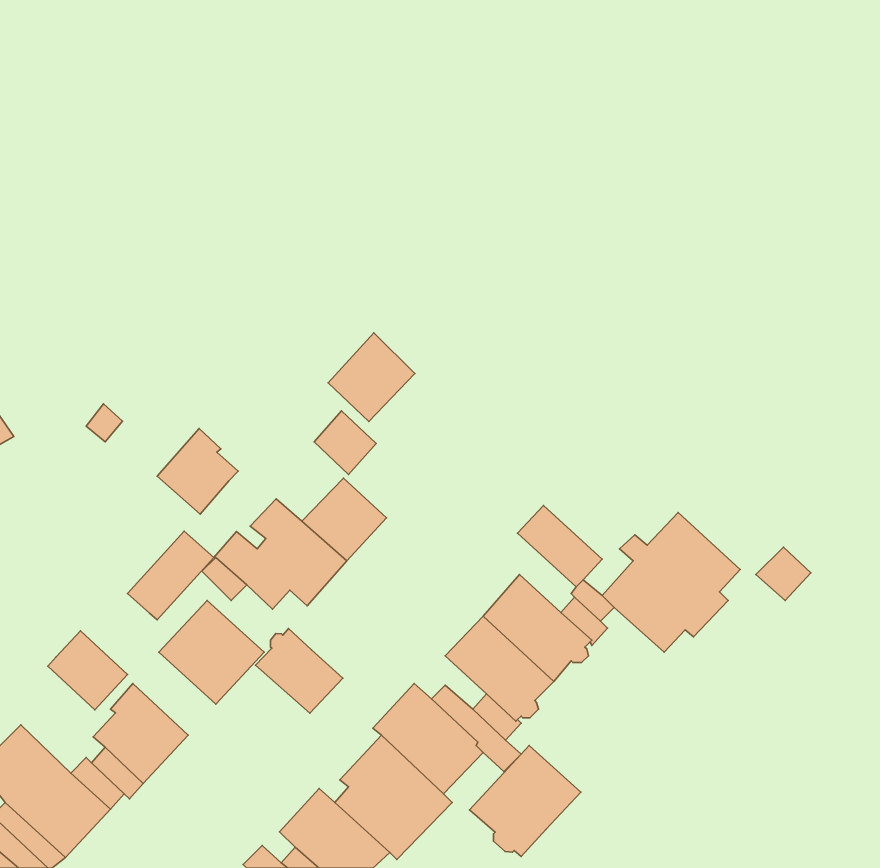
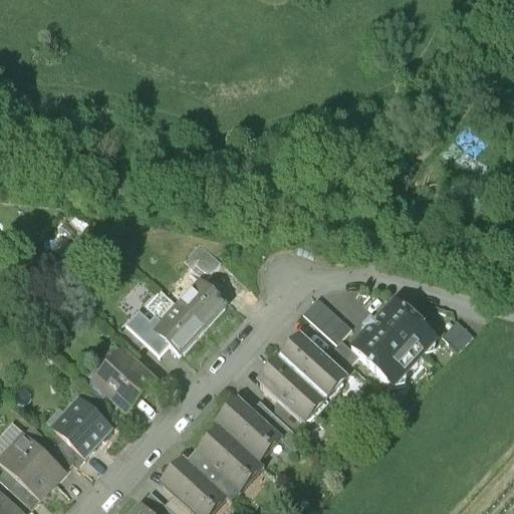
building: [328,333,415,422] -> none
building: [157,429,238,514] -> none
building: [128,531,214,620] -> none
building: [255,628,343,713] -> none
building: [48,631,127,710] -> none
building: [469,745,581,857] -> none

